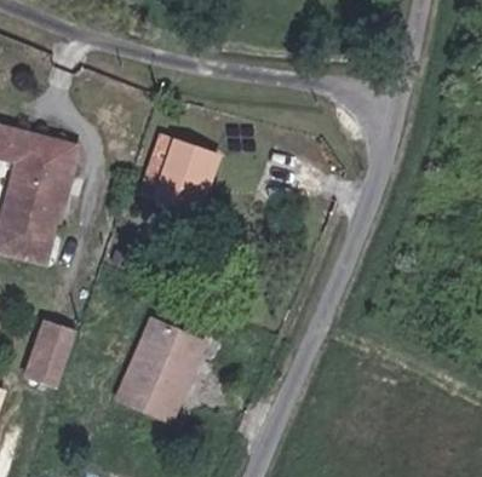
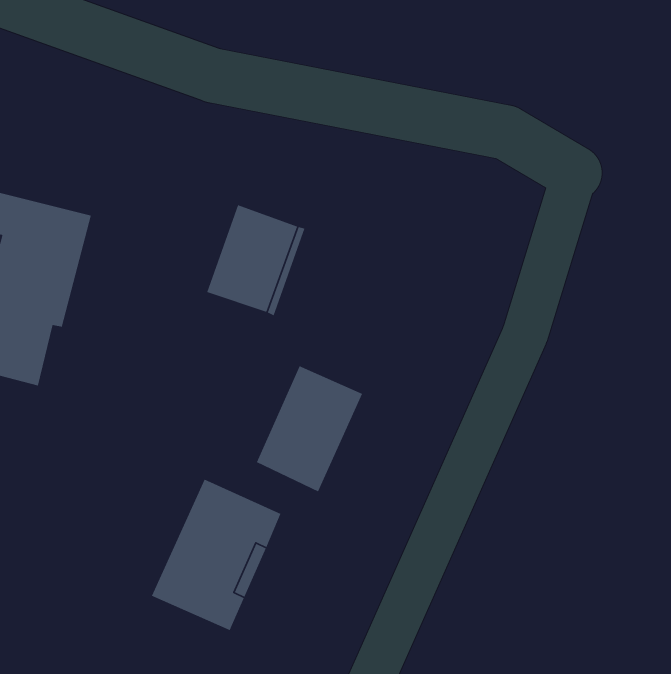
building: none -> [256,365,363,492]
building: [33,322,76,378] -> none

